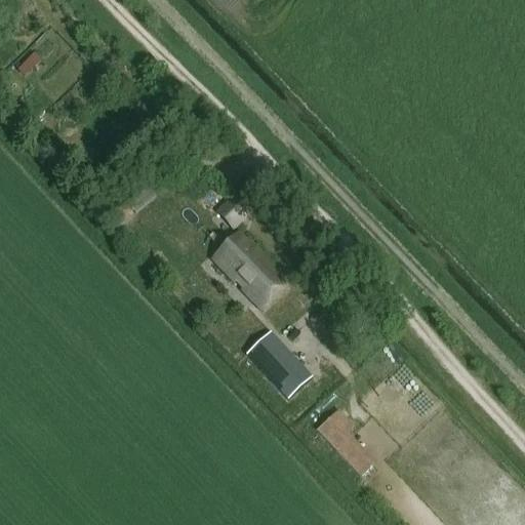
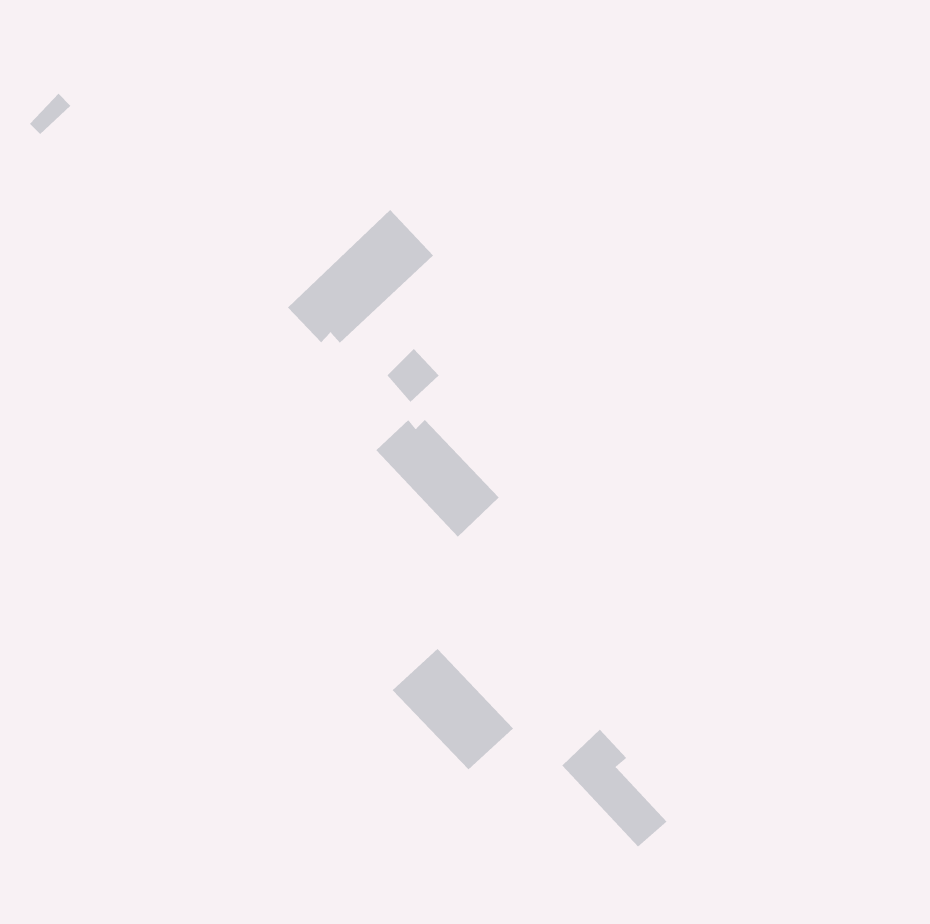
building: none -> [287,209,434,344]
building: [244,328,313,397] -> [392,648,514,770]

